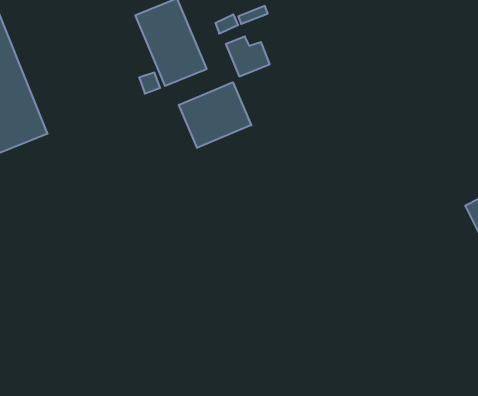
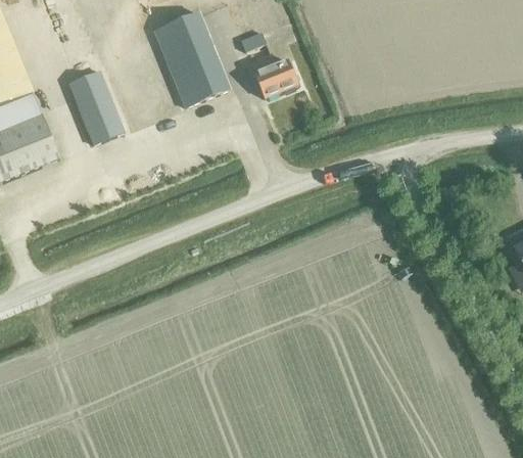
building: none -> [68,72,124,144]
building: [179,82,251,148] -> none

